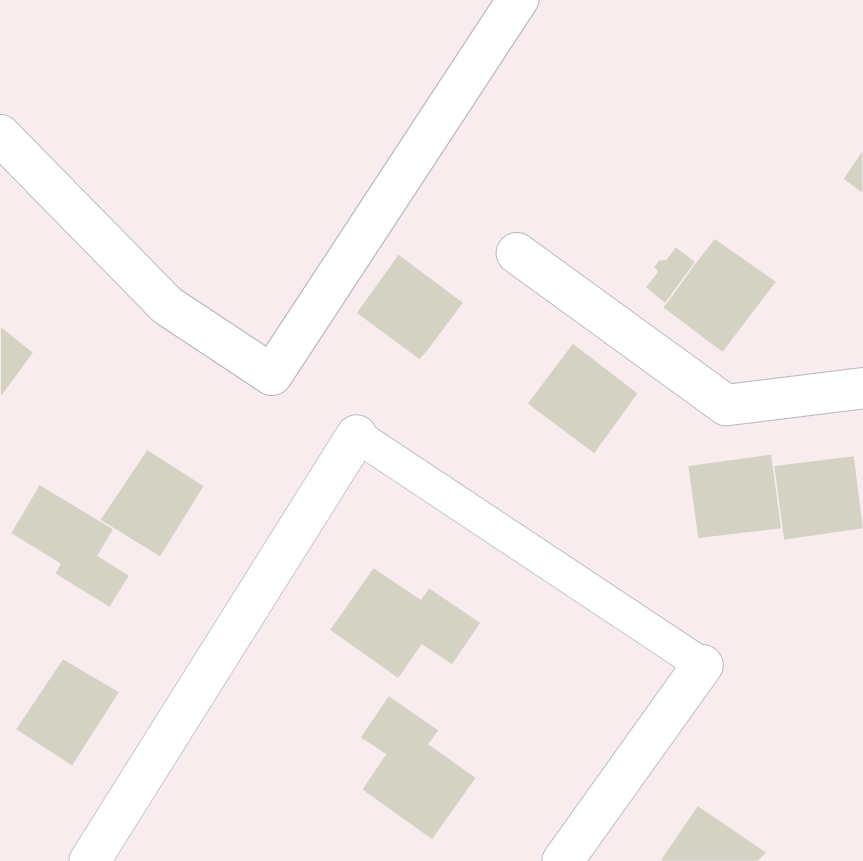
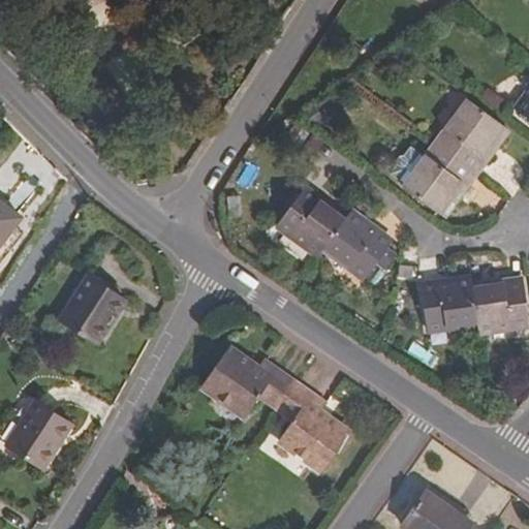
building: none -> [437,101,507,173]
building: [356,254,464,360] -> [278,188,344,253]
building: [10,484,130,608] -> none
building: [360,695,476,840] -> [277,381,348,470]

